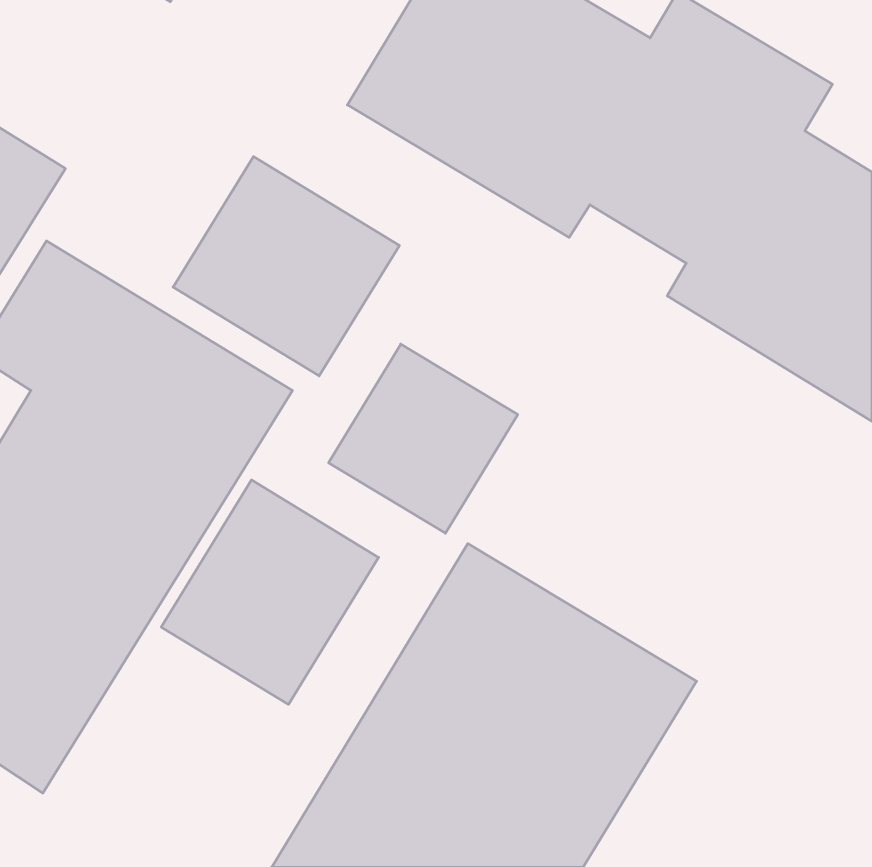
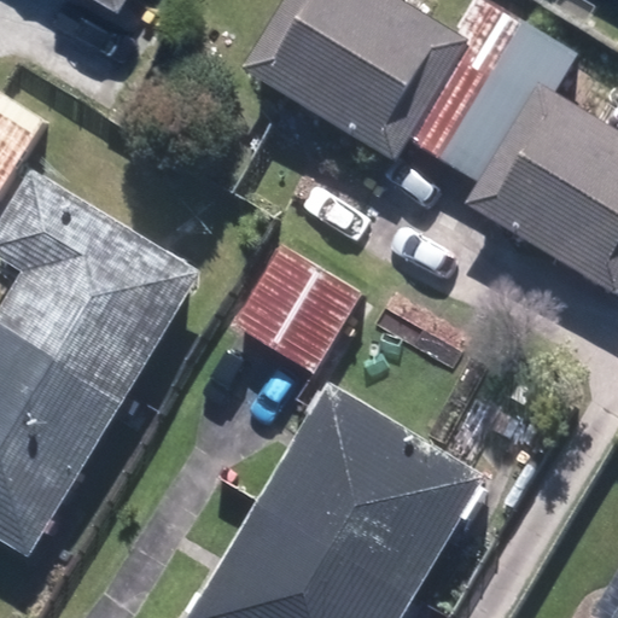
building: [173,157,399,376] -> none
building: [161,480,379,704] -> none

